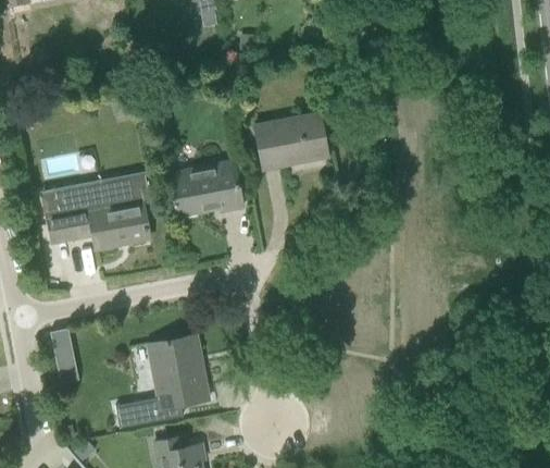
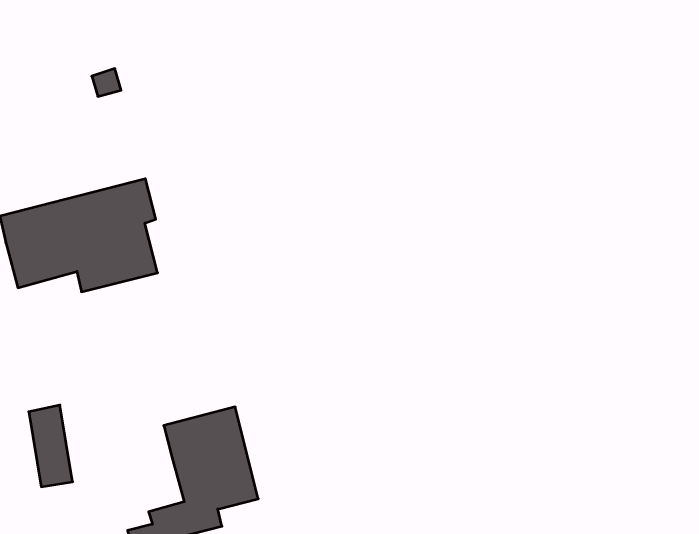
building: [255,114,328,169] -> none
building: [171,161,242,217] -> none

